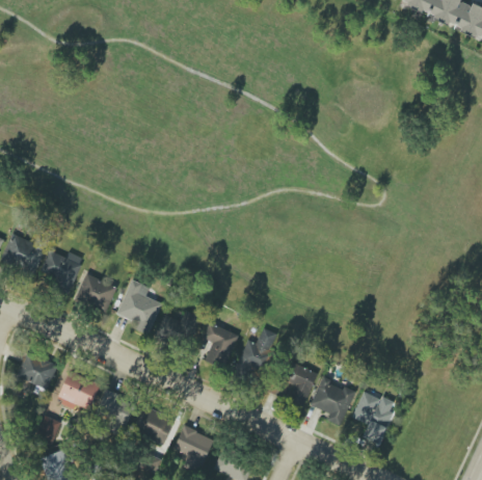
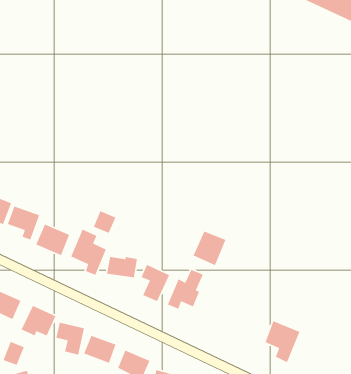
building: none -> [93,210,117,234]
building: none -> [192,230,227,266]
building: [282,364,316,405] -> none
building: [311,379,354,426] -> none

